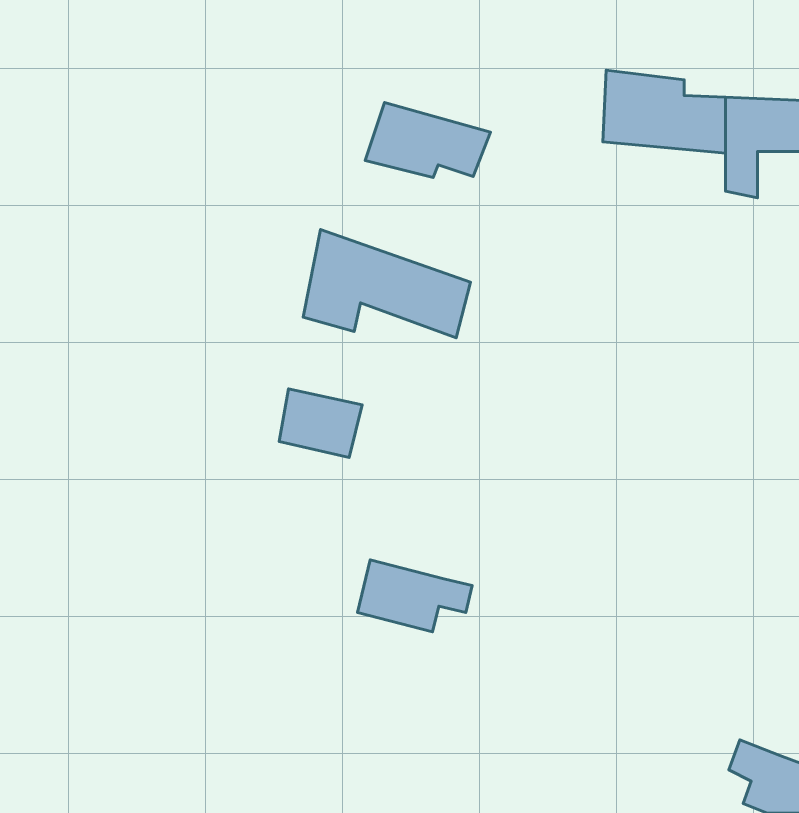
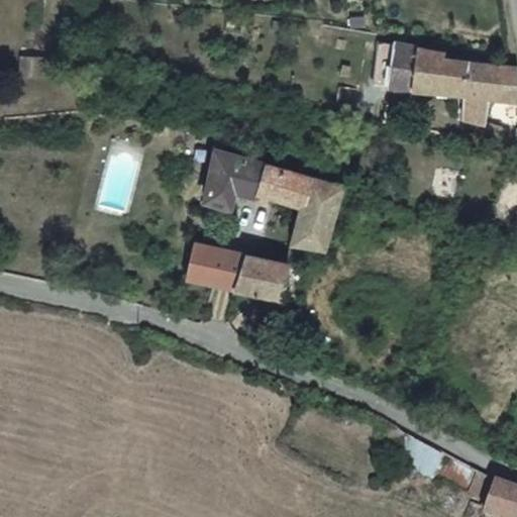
building: [365,102,490,177] -> none
building: none -> [293,179,341,250]
building: [357,560,472,632] -> [231,256,304,302]

